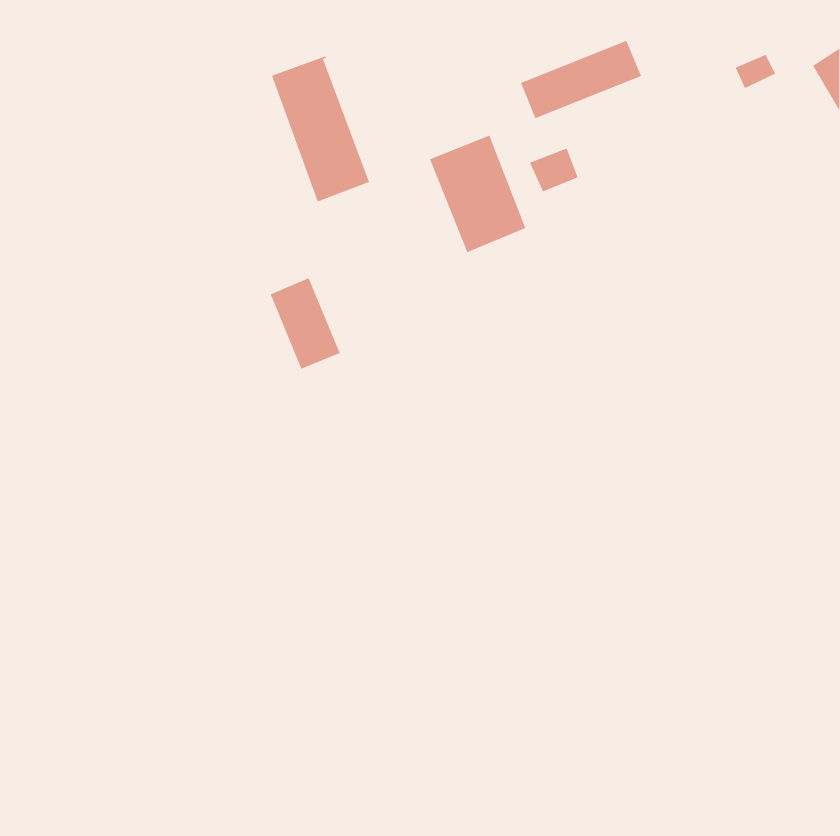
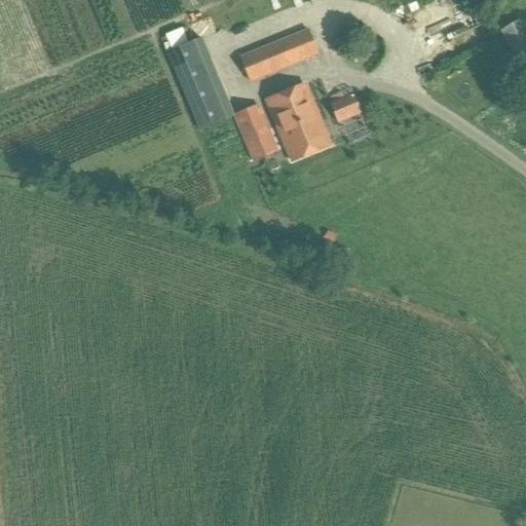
building: [520,40,642,119] -> [242,29,318,78]
building: [270,278,340,370] -> [234,103,278,160]

